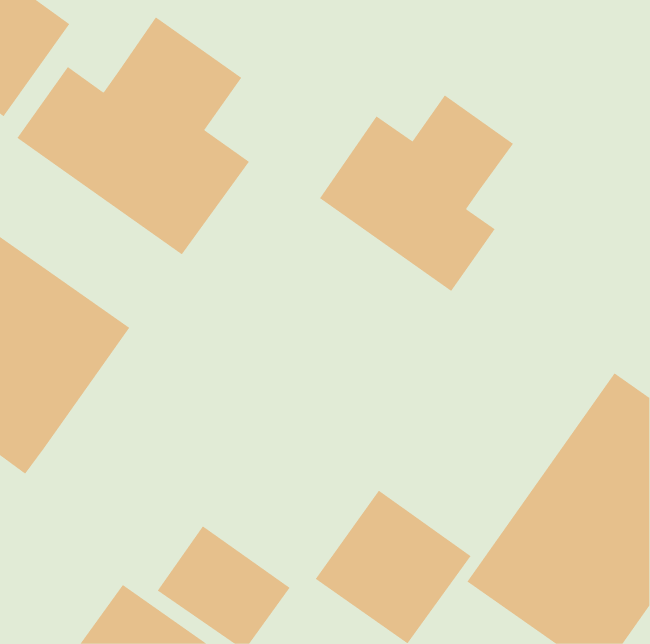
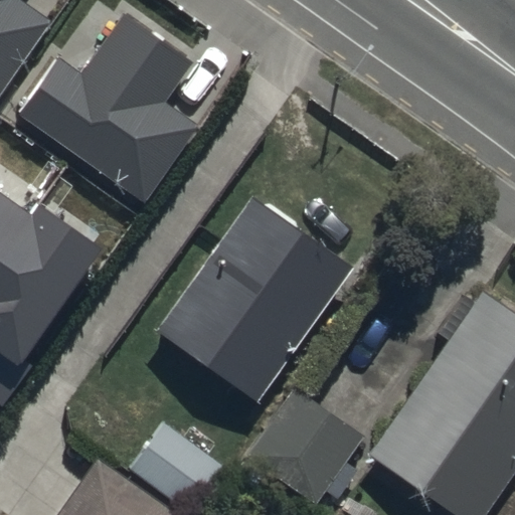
building: [319,95,514,292] -> none
building: none -> [153,195,350,404]

